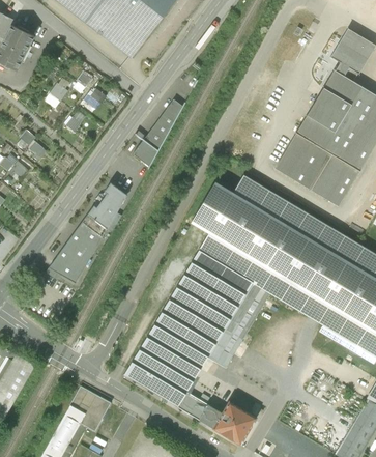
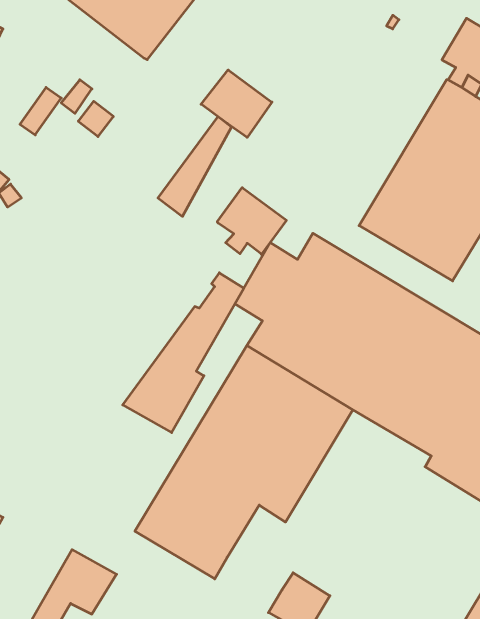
building: none -> [201,70,272,137]
building: none -> [217,188,286,254]
building: [51,180,133,288] -> [123,273,244,433]
building: [177,393,223,430] -> none

